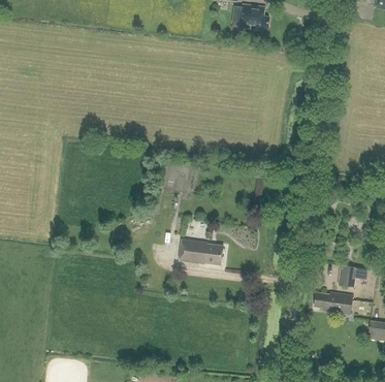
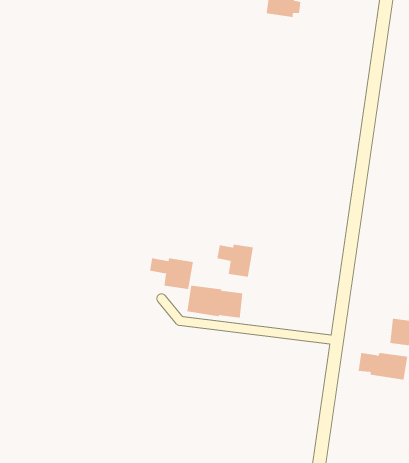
building: none -> [217,244,253,277]
building: none -> [149,258,193,290]

